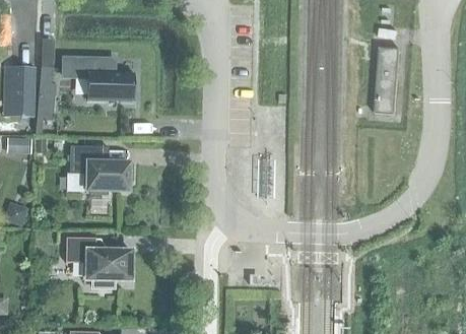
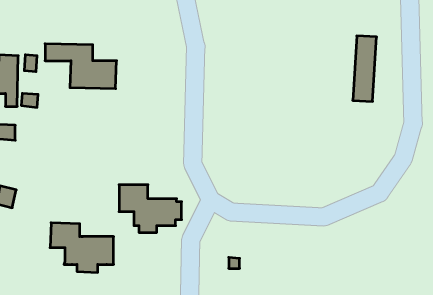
building: [67,142,131,191] -> [119,185,182,232]

